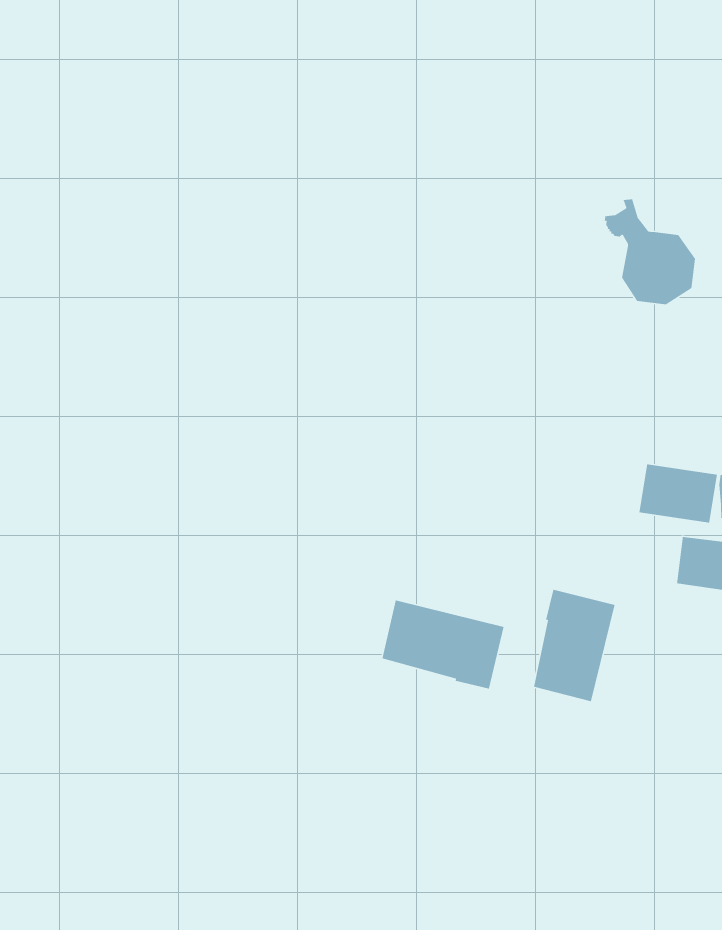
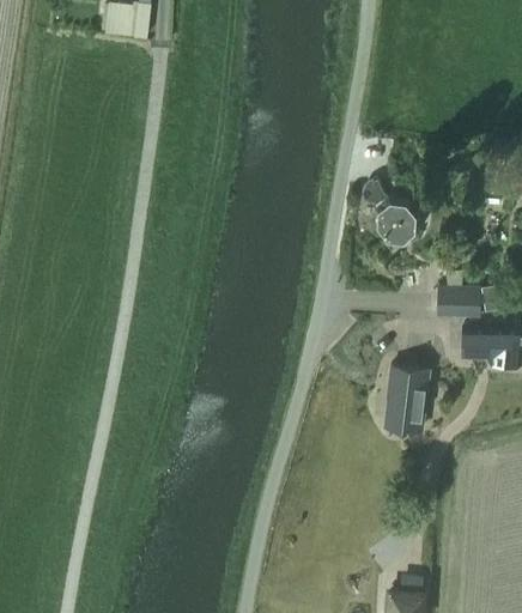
building: [604,199,696,305] -> [360,181,418,242]
building: [381,599,505,690] -> none

